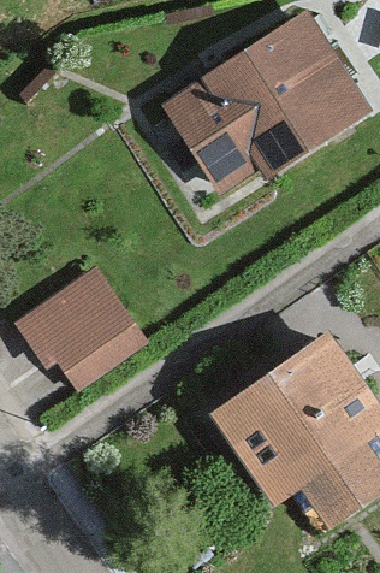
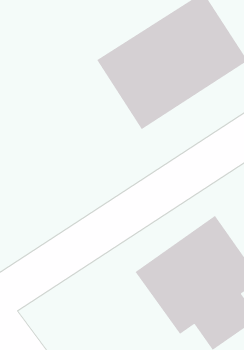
building: [23,247,155,377] -> none

